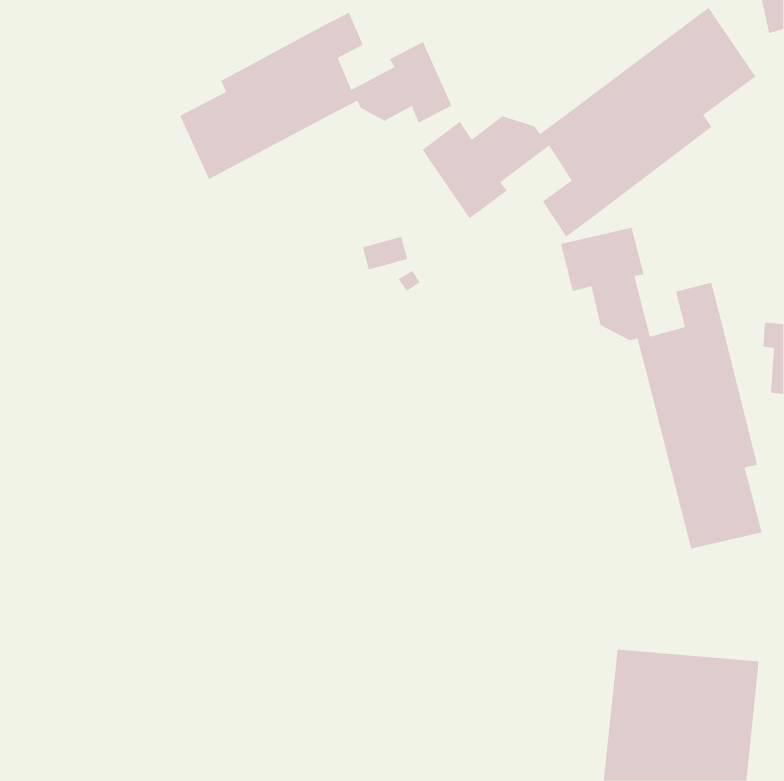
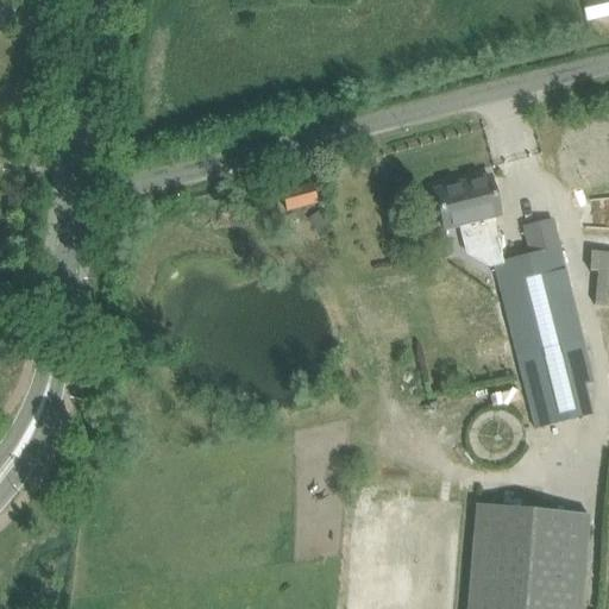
building: [422,7,756,238] -> none
building: [180,12,452,180] -> none

